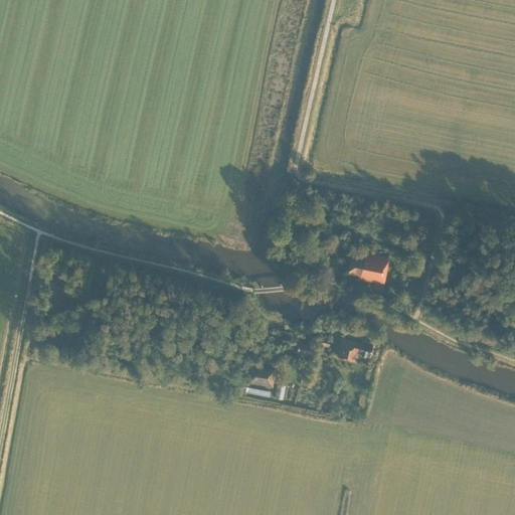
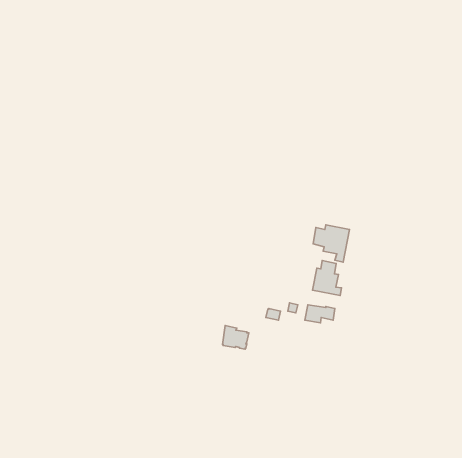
building: none -> [312,260,342,295]

